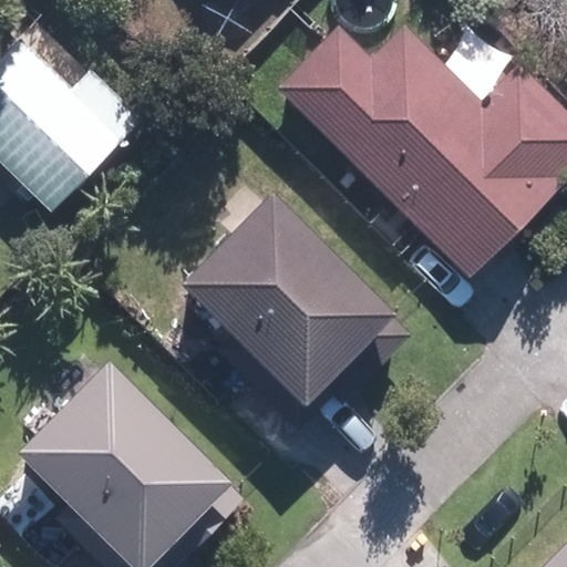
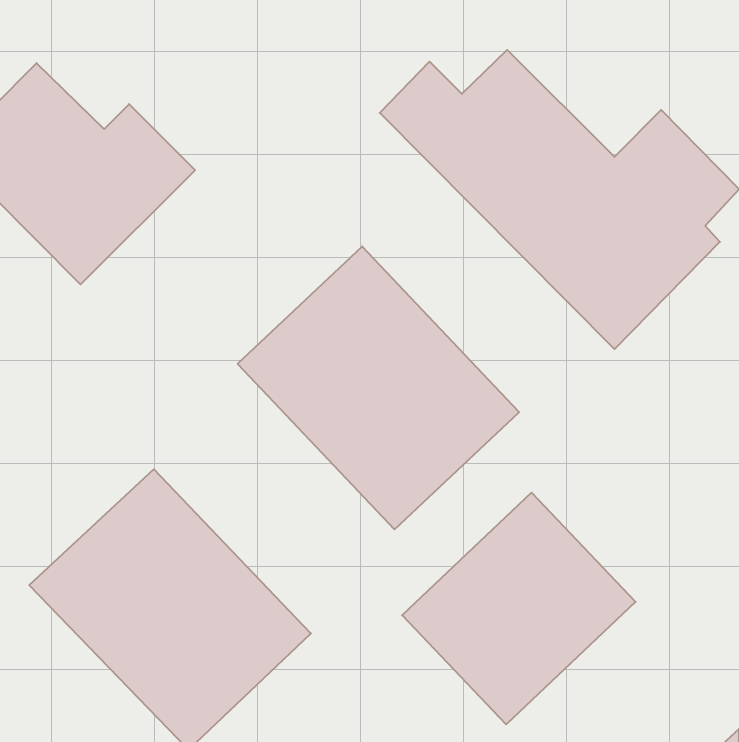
building: none -> [402,493,636,724]

